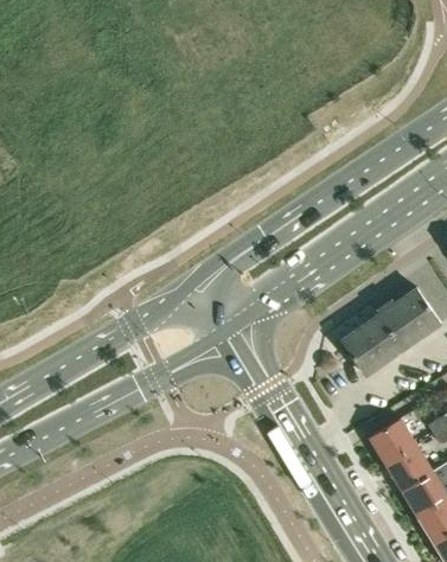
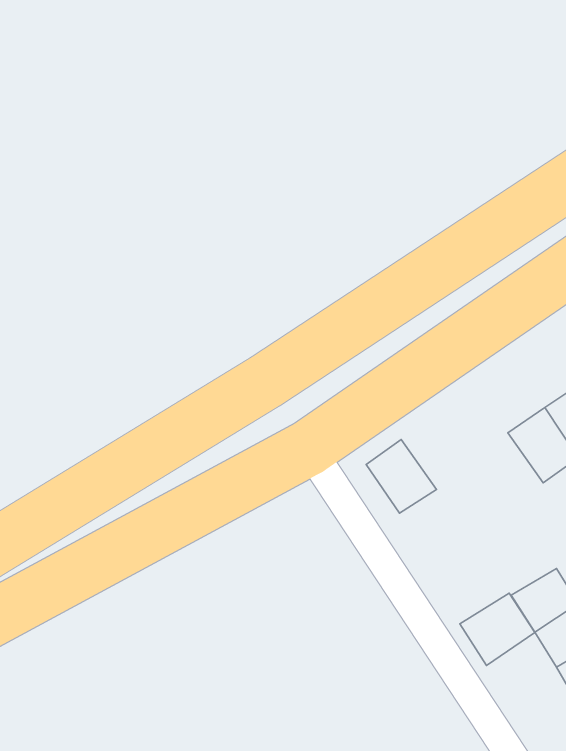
building: [341,324,391,376] -> [366,439,437,513]
building: none -> [460,593,535,666]

